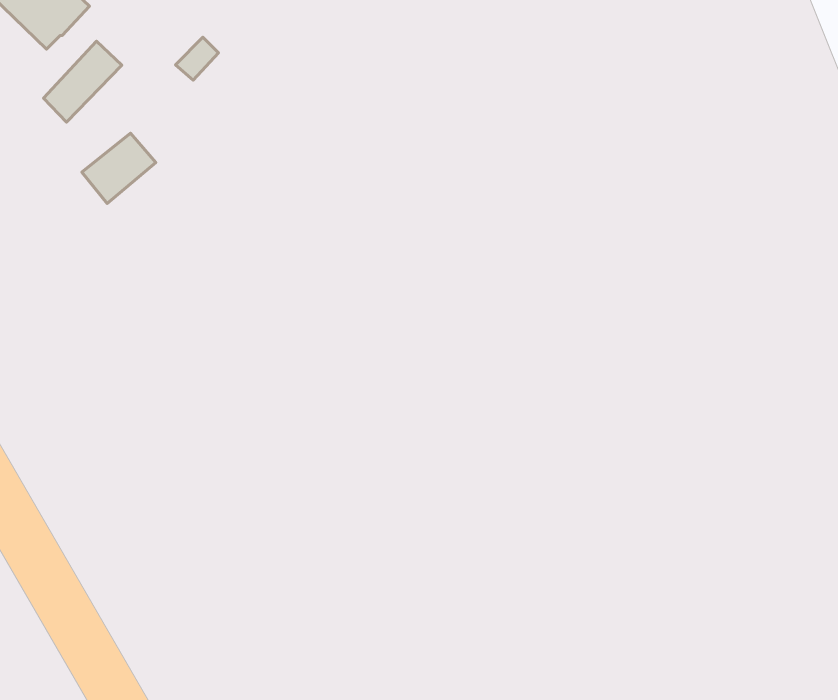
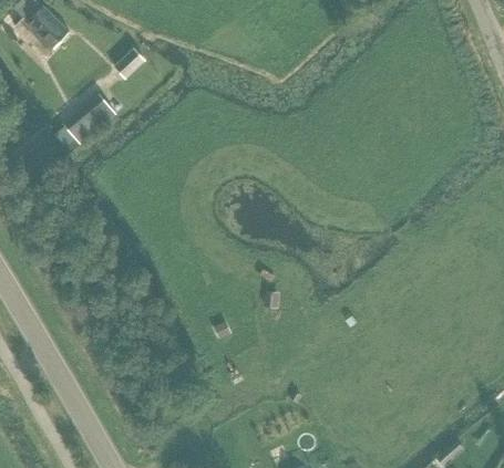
building: [43,41,122,122] -> none

